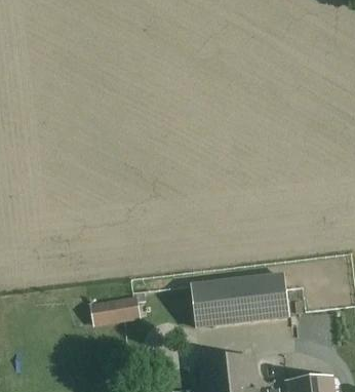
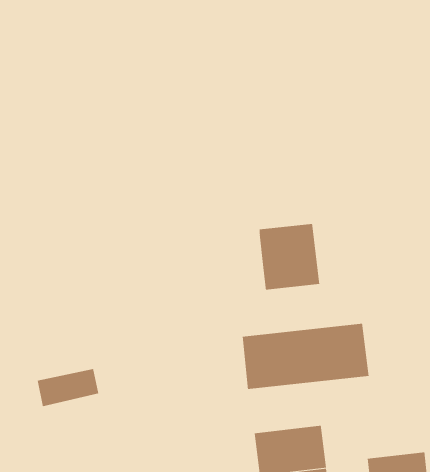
building: none -> [259,223,320,291]
building: [90,295,139,324] -> [37,368,99,407]

